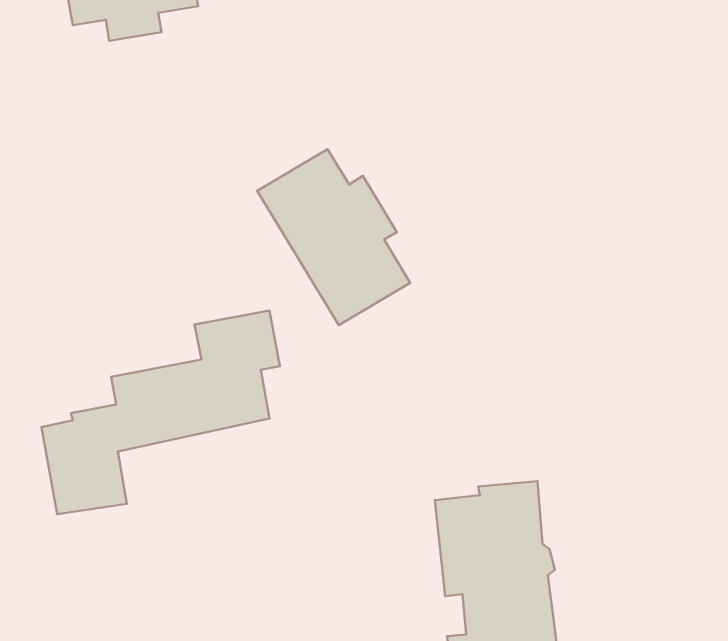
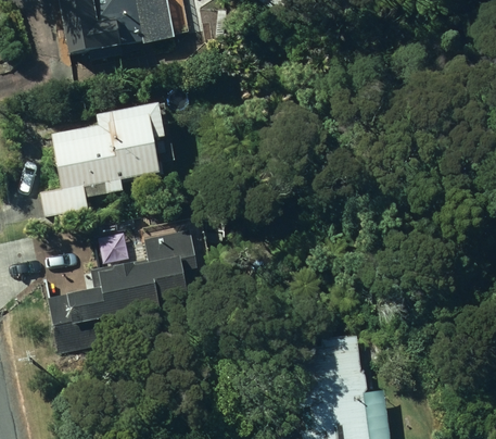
building: none -> [41,100,169,218]
building: [257,149,410,325] -> none

